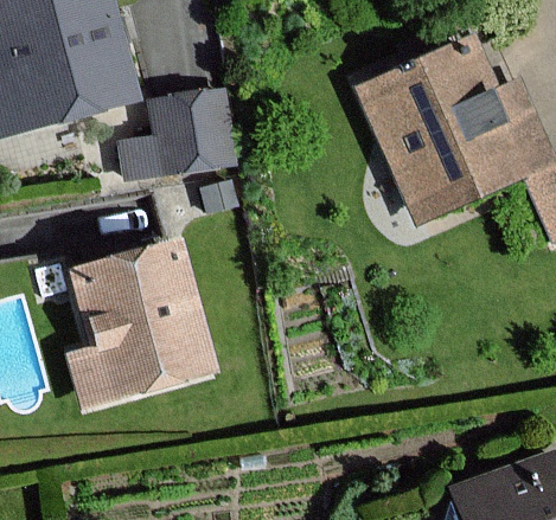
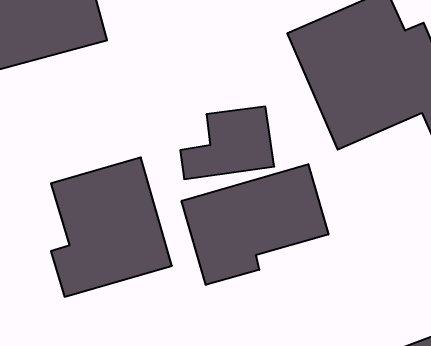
building: [121,89,236,178] -> [180,107,274,179]
building: none -> [182,164,328,285]

